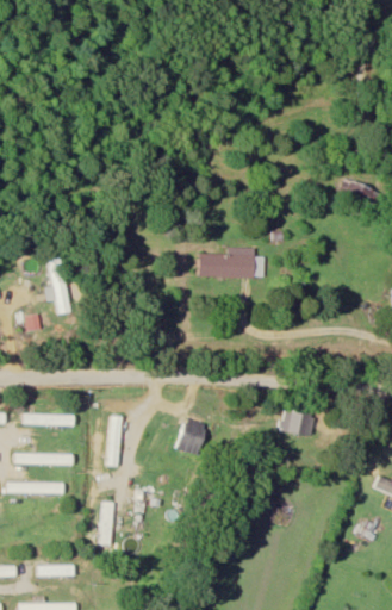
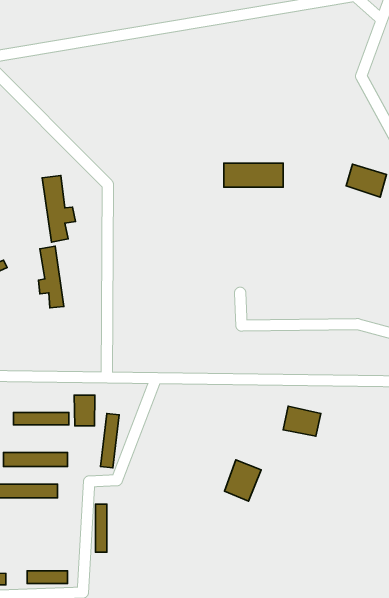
building: none -> [42,175,76,242]
building: [199,255,255,278] -> [224,163,283,187]
building: none -> [74,395,95,426]
building: [174,417,209,456] -> [225,460,261,501]

